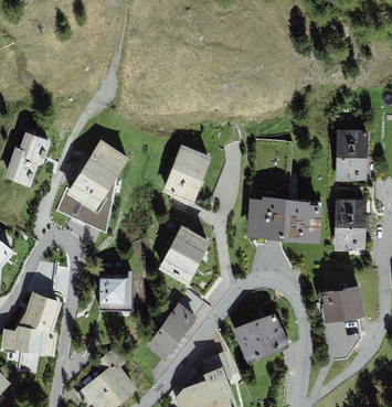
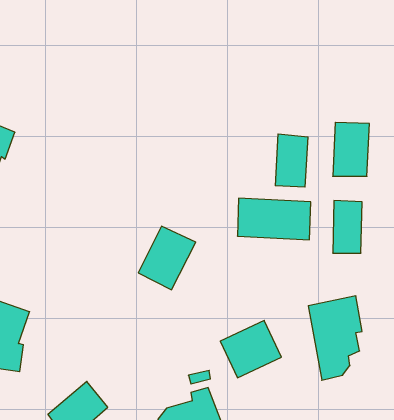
building: [59,139,129,232] -> none
building: none -> [275,134,308,187]
building: [165,144,212,202] -> none
building: [100,277,130,308] -> none
building: [148,302,195,357] -> none

